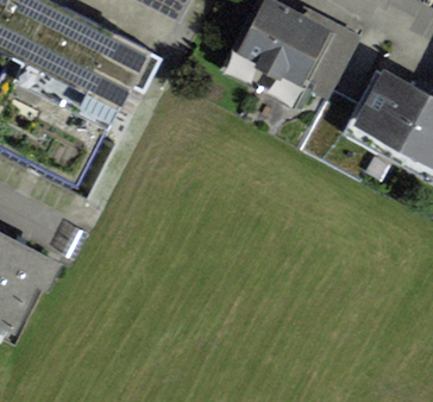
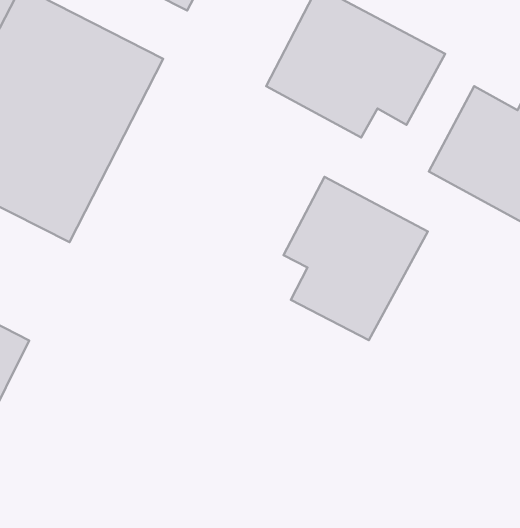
building: none -> [283,177,428,340]

